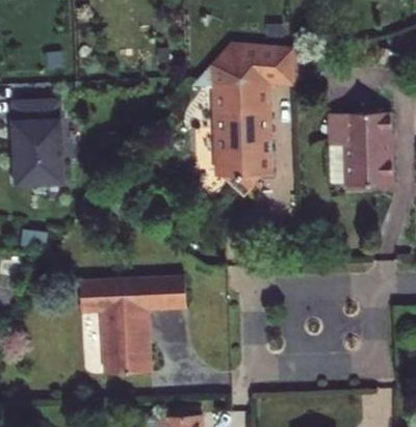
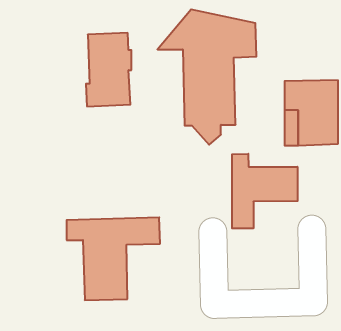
building: [9,101,61,185] -> [86,33,131,106]
building: none -> [232,154,298,228]

